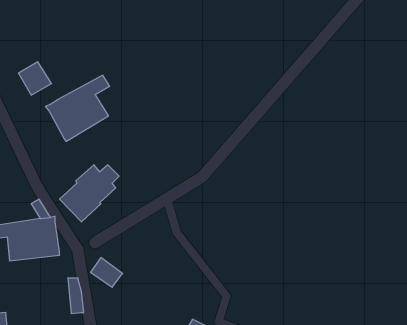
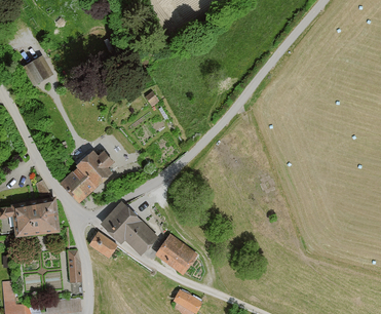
building: [46,75,110,141] -> none
building: none -> [105,202,160,254]
building: none -> [157,233,199,274]

